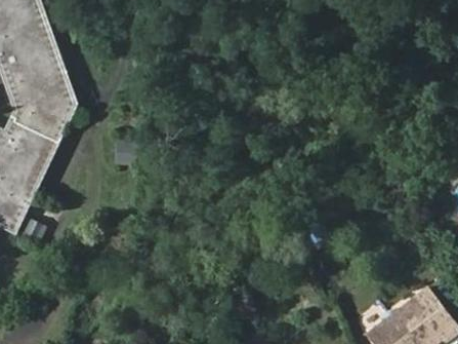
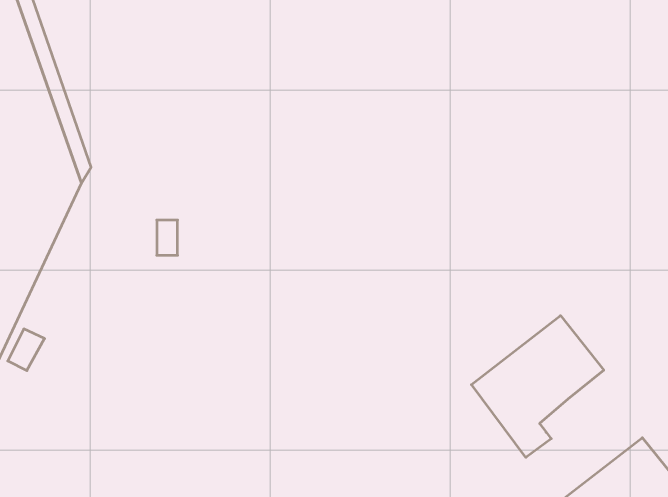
building: none -> [471,316,604,457]

